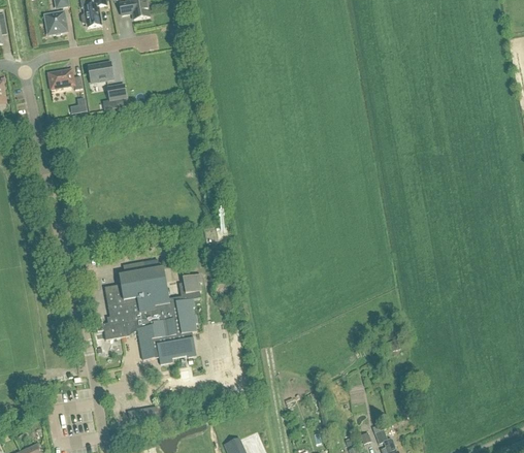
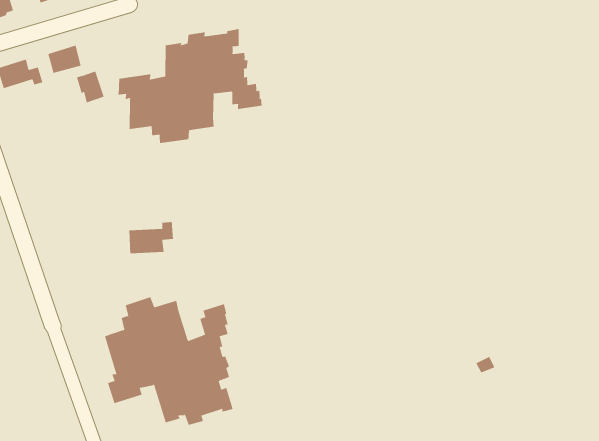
building: none -> [118,28,262,144]
building: none -> [129,221,173,254]

